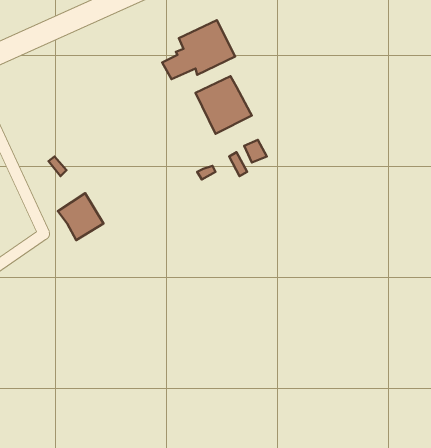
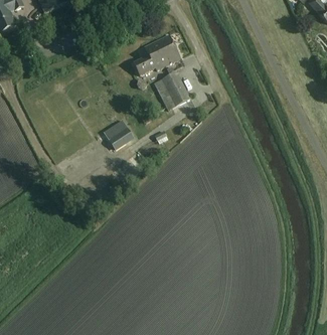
building: [58,193,103,240] -> [104,118,134,149]

